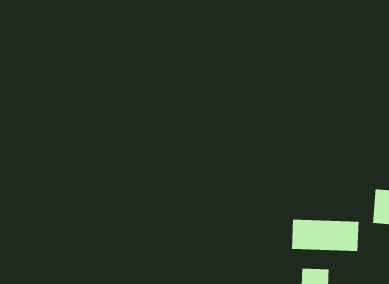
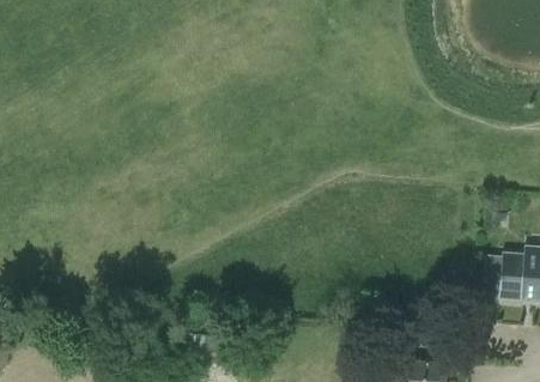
building: [291,219,359,252] -> none

